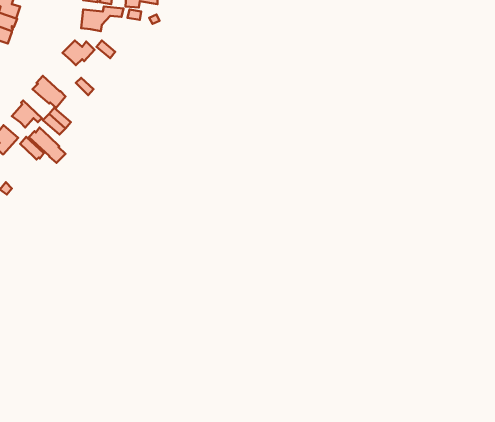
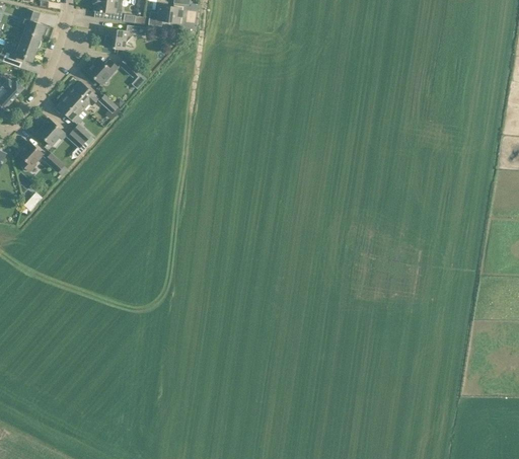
building: none -> [66,80,97,107]
building: [29,128,65,163] -> none

